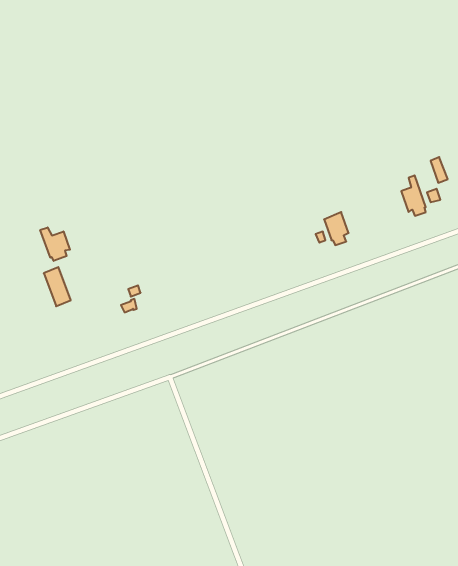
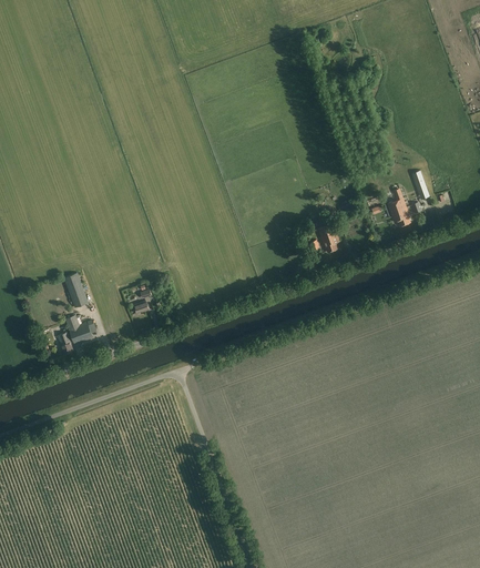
building: [40,227,70,261] -> none
building: none -> [58,315,96,353]

